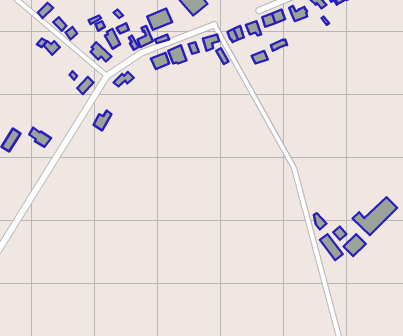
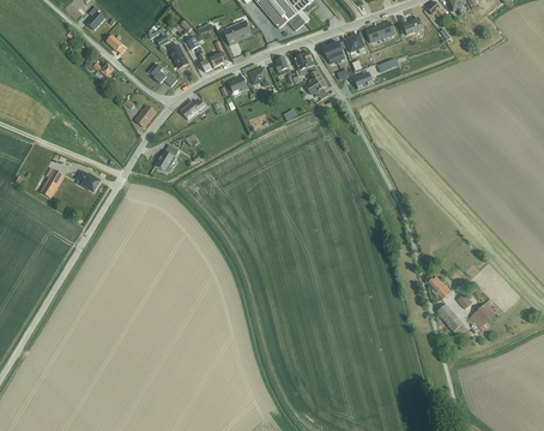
building: [352,197,397,235] -> none

